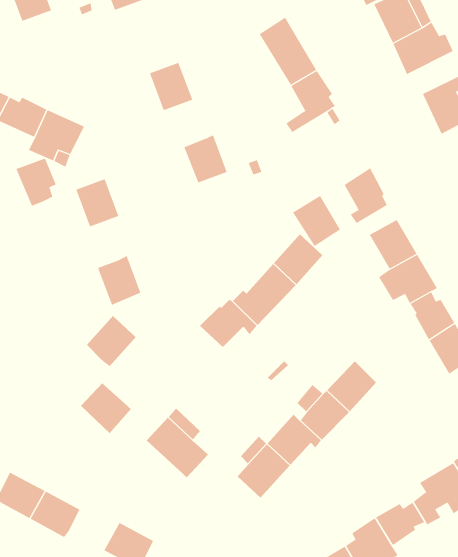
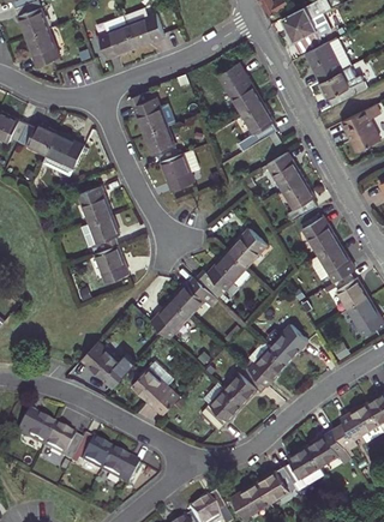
building: none -> [145,125,179,161]
building: [16,158,56,206] -> [89,214,120,251]
building: [292,195,341,247] -> [266,150,304,190]
building: [86,315,136,367] -> [152,298,191,337]
building: none -> [73,433,112,469]

